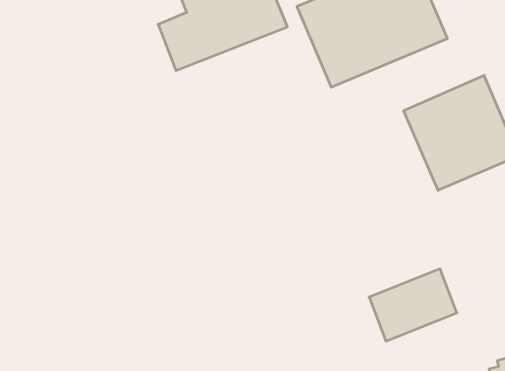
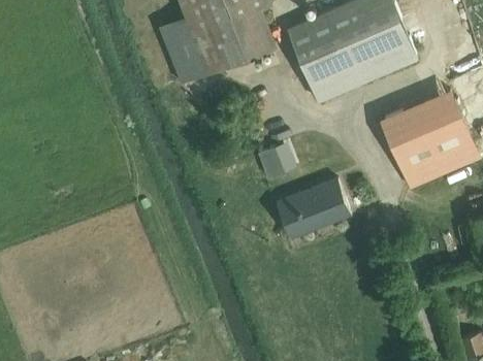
building: none -> [257,141,297,178]
building: [369,269,457,341] -> [276,176,352,239]

